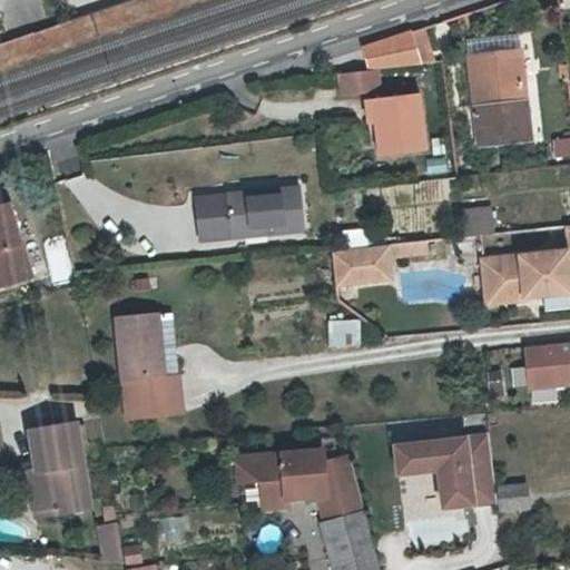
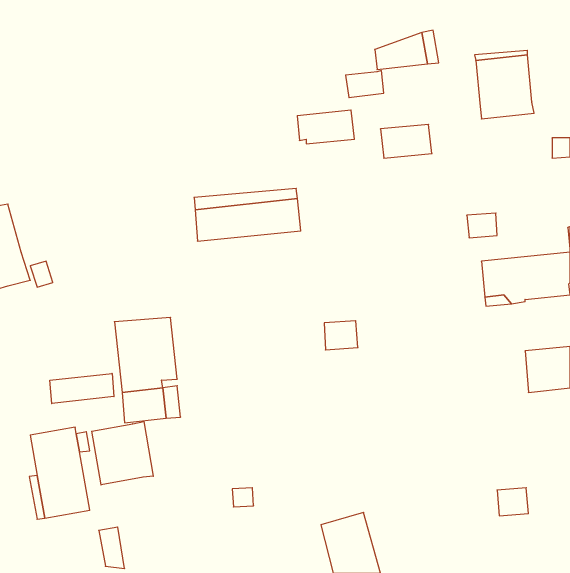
building: [368,95,425,128] -> [297,110,354,144]
building: [478,112,532,144] -> none
building: [330,240,424,283] -> none
building: none -> [50,373,114,404]
building: none -> [92,422,153,485]
building: [394,440,492,511] -> none
building: [235,444,361,521] -> none

